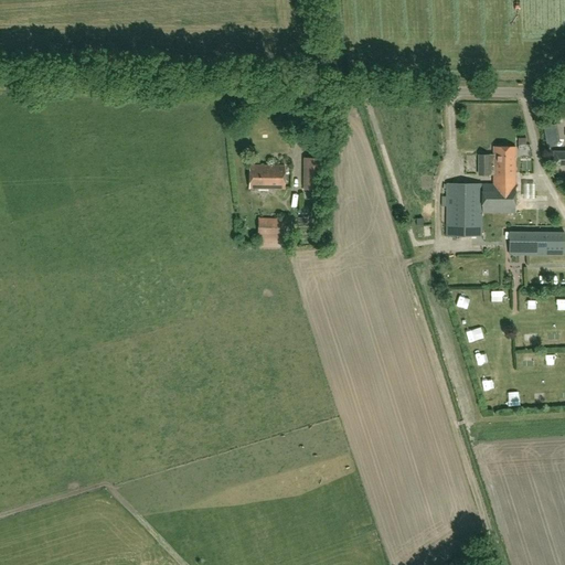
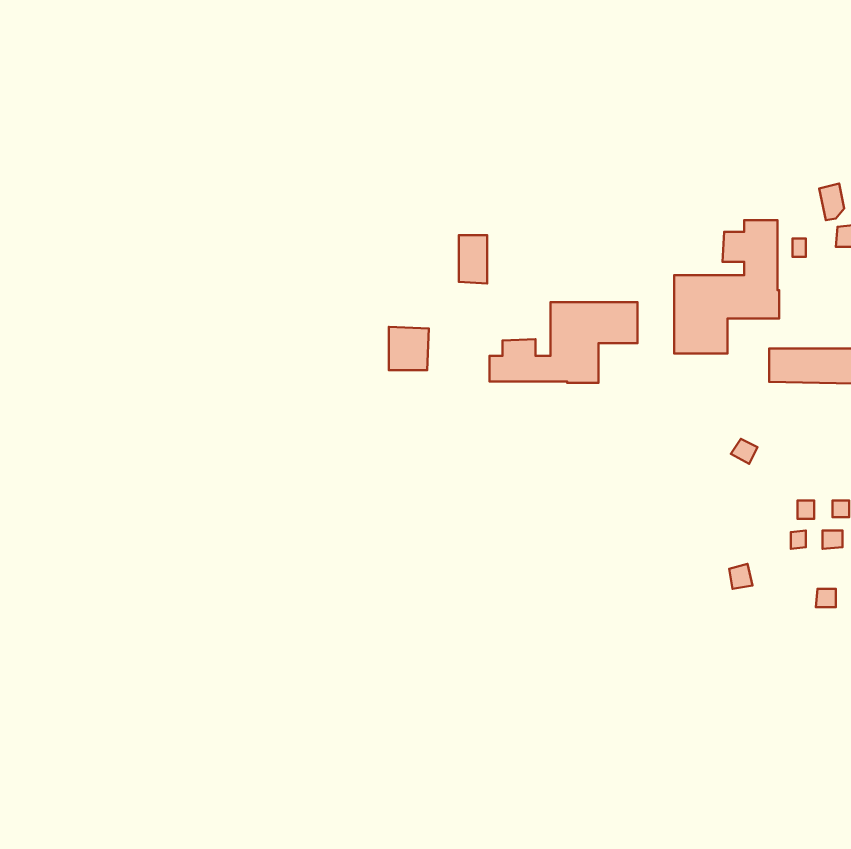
building: [249,163,285,186] -> none
building: none -> [489,302,637,383]

